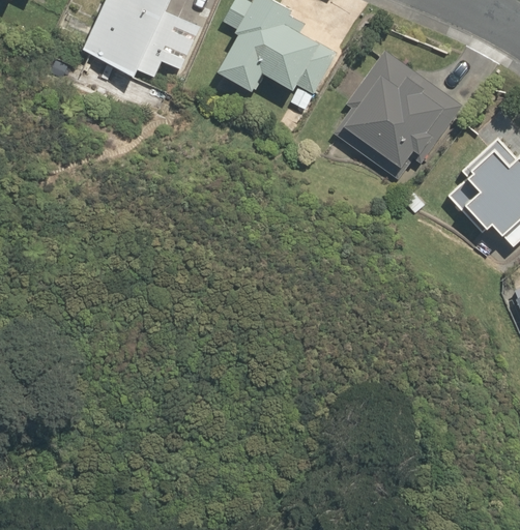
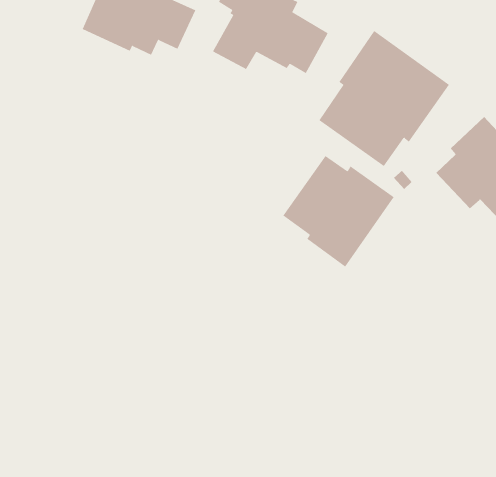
building: none -> [283,155,395,268]

